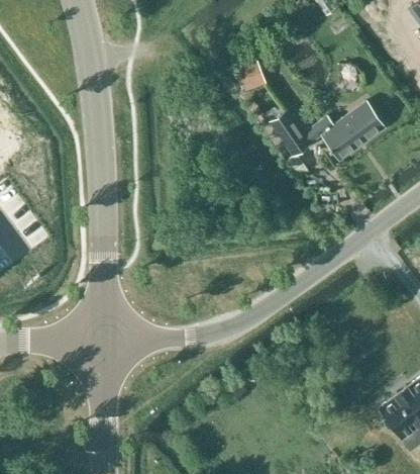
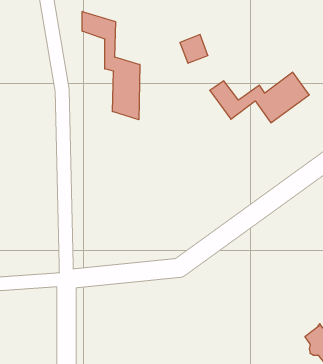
building: none -> [82,11,140,120]

